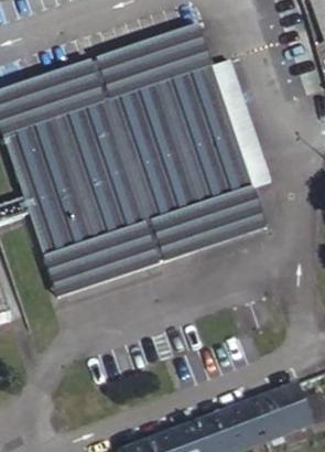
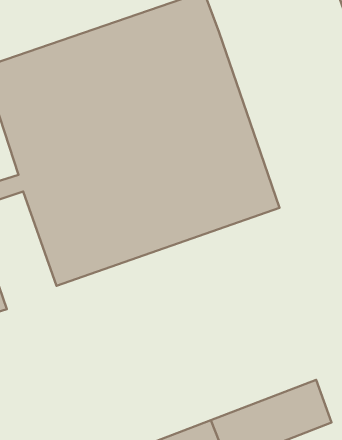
building: [207,53,270,183] -> none

